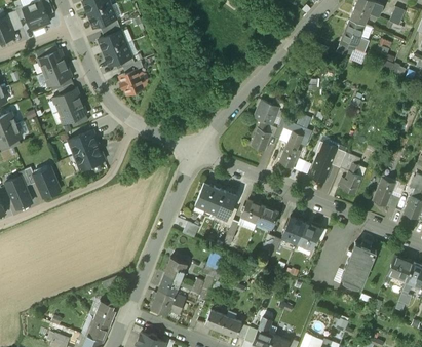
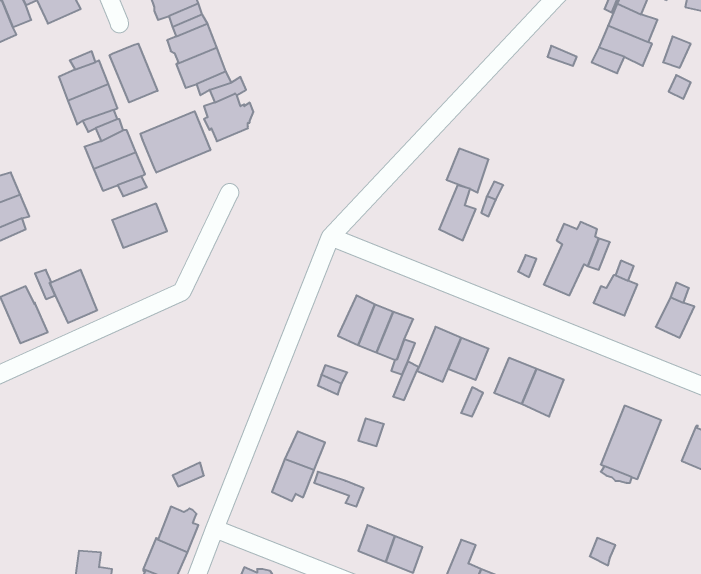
building: none -> [110,44,158,102]
building: none -> [140,111,210,173]
building: [279,130,300,167] -> none
building: [74,146,105,170] -> none
building: [151,292,185,314] -> none

